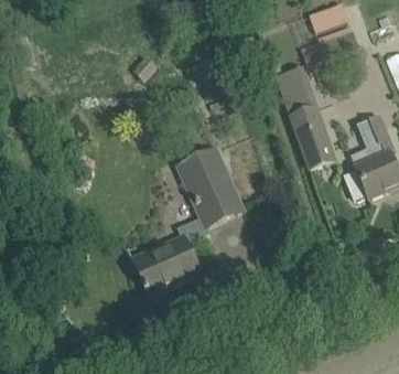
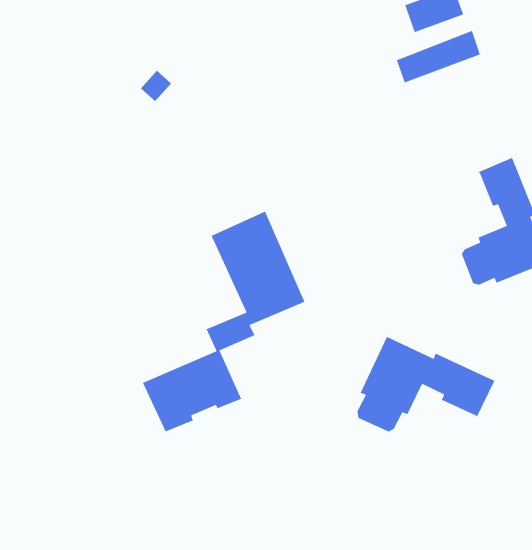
building: [274,65,334,168] -> none
building: none -> [357,336,496,433]

